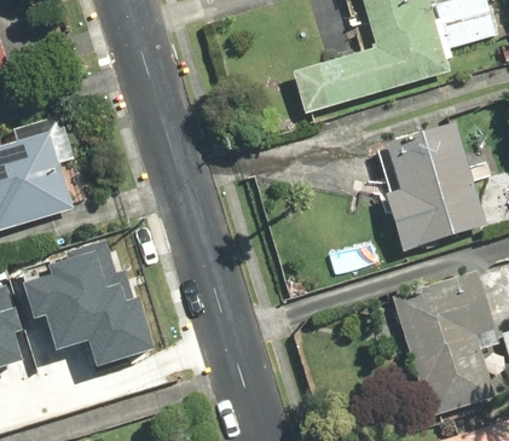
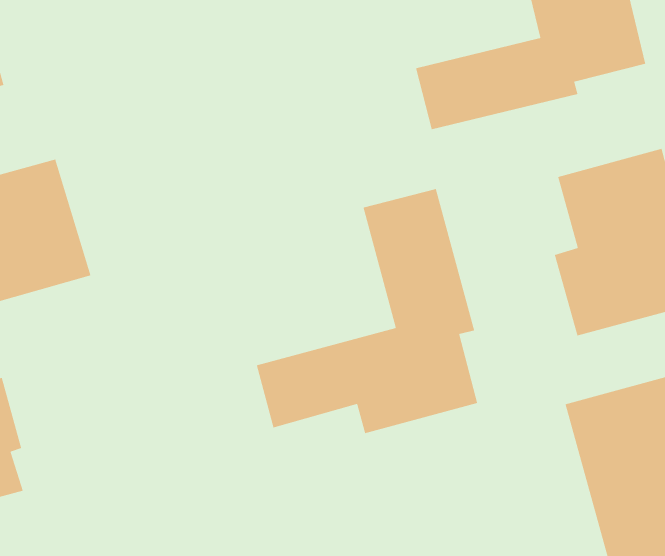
building: none -> [256,188,478,434]
building: [22,233,156,364] -> none

